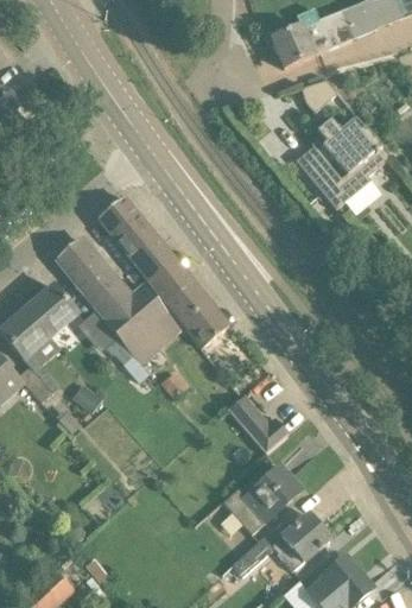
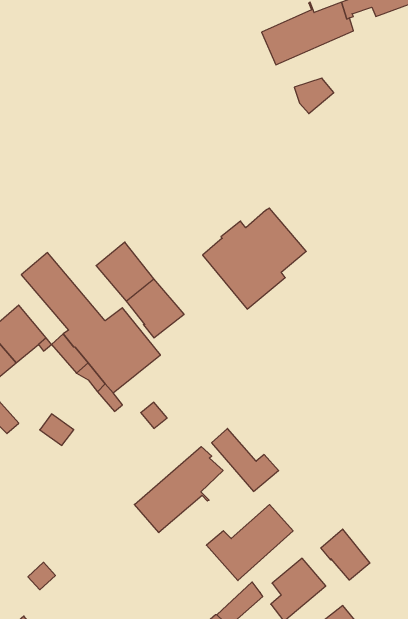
building: [296,116,389,208] -> [203,208,306,309]
building: [97,195,148,248] -> none
building: [175,292,228,347] -> none
building: none -> [134,447,223,533]
building: none -> [321,529,370,580]

